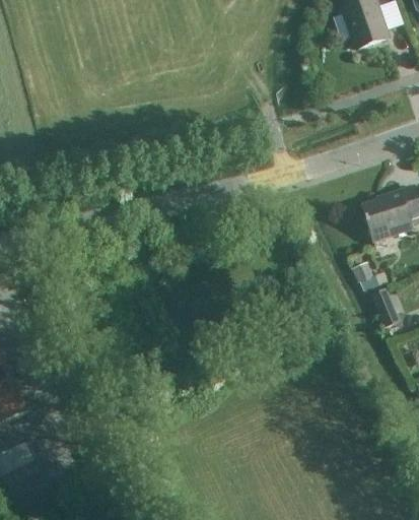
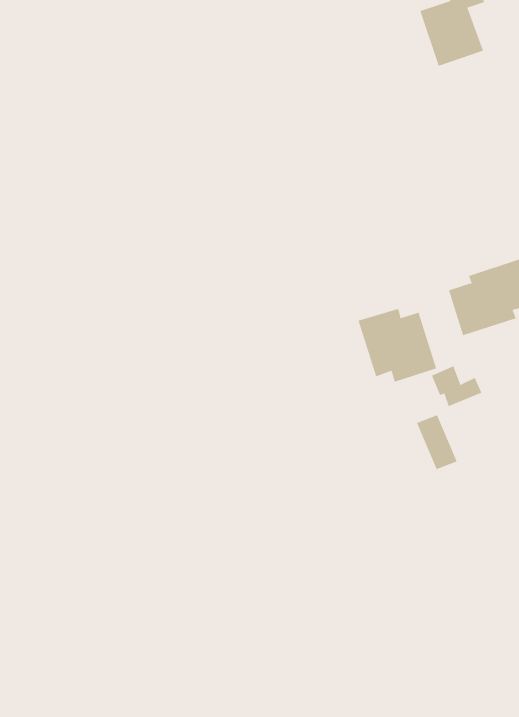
building: none -> [358,308,437,382]
building: [371,286,401,326] -> [416,414,458,470]

